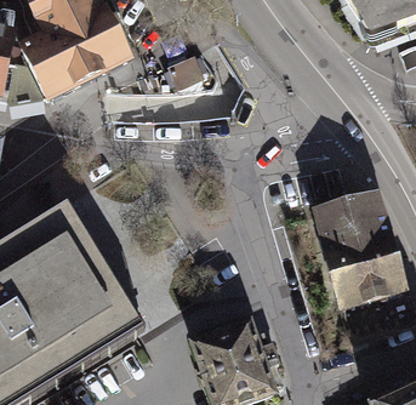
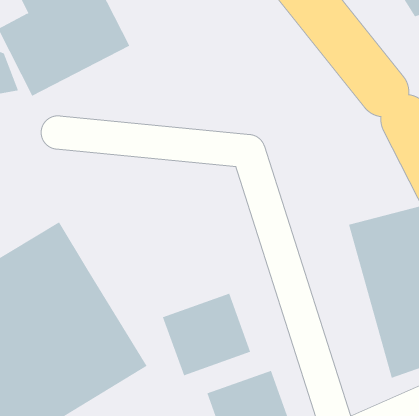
building: none -> [162,293,251,376]

